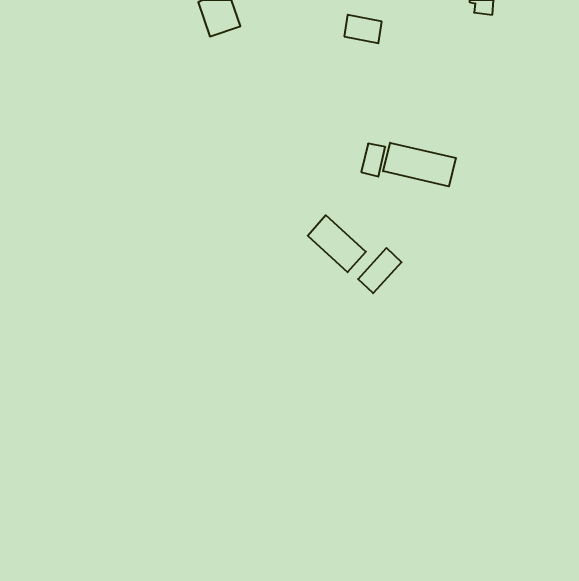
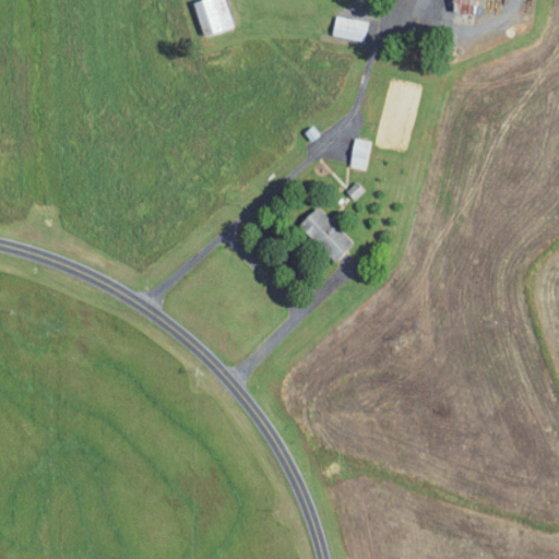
building: [383,143,456,186] -> none
building: [358,248,402,293] -> none

